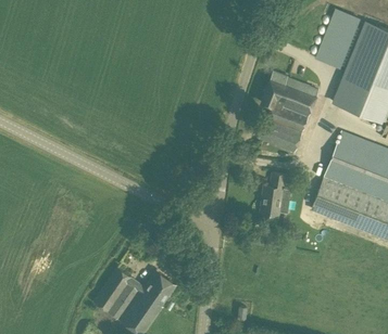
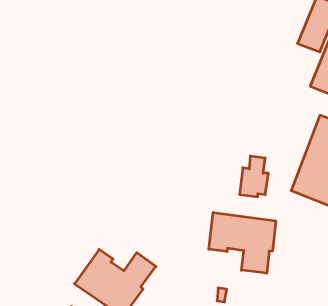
building: [258,70,318,153] -> none
building: none -> [209,212,276,273]

